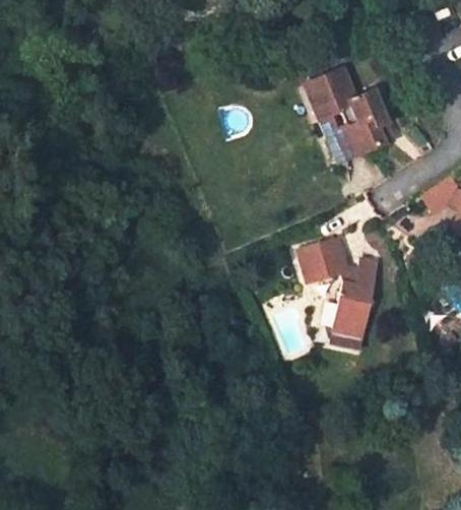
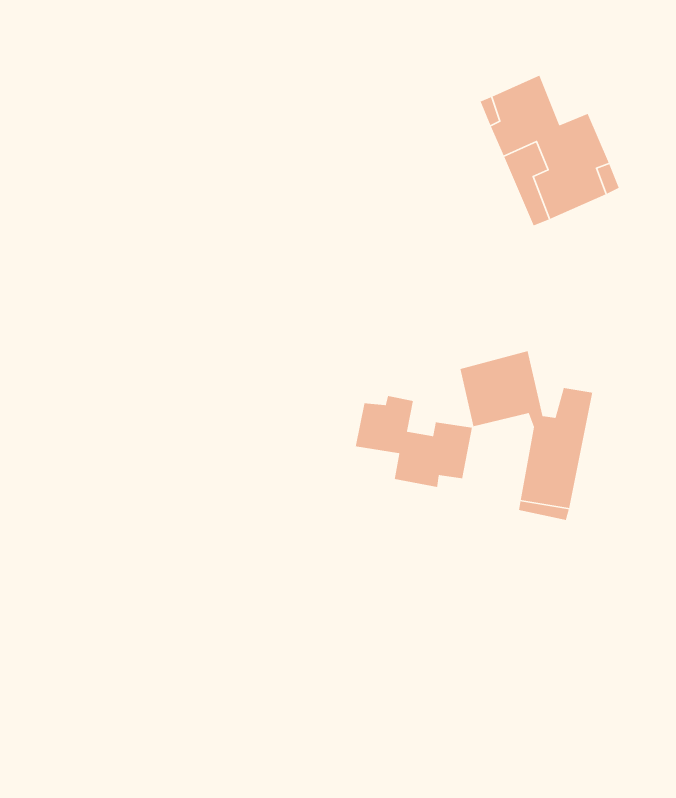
building: none -> [355,395,473,488]

